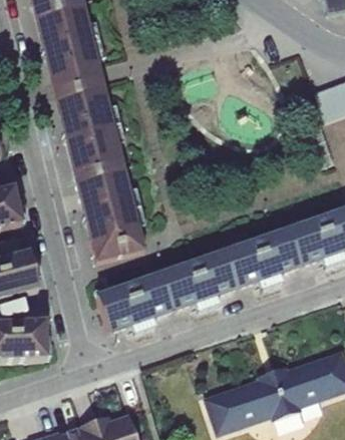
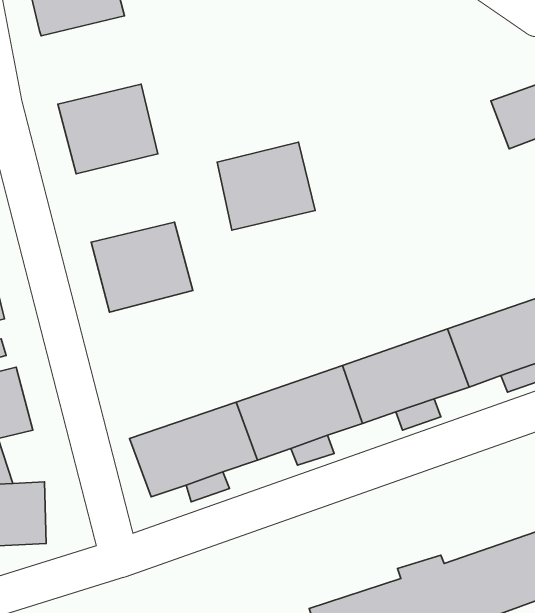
building: [44,39,104,92] -> none
building: [65,122,124,175] -> [217,142,315,230]
building: [85,204,145,259] -> none

